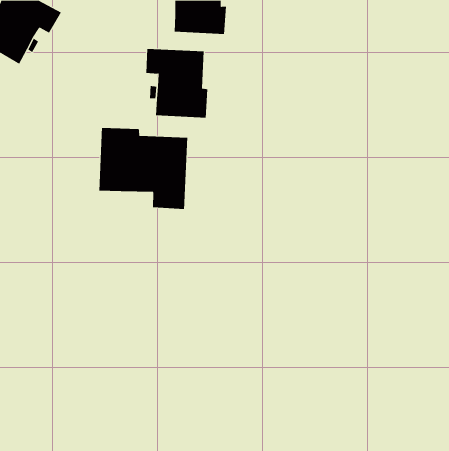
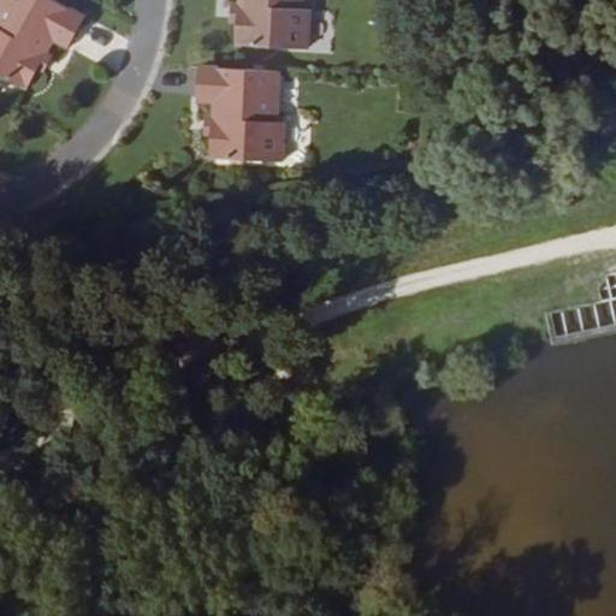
building: [99,127,188,210] -> none

